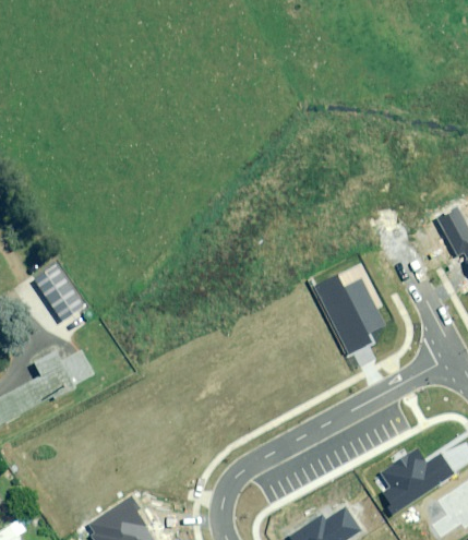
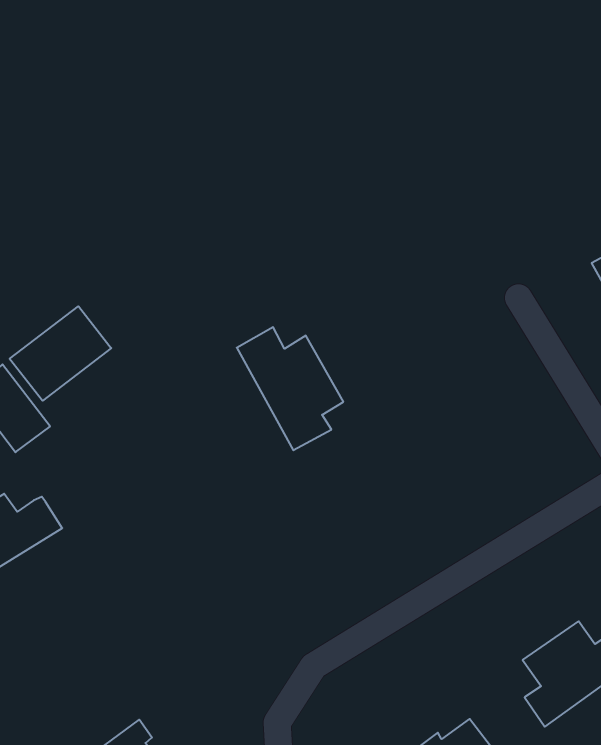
building: none -> [10,306,111,401]
building: [316,275,383,355] -> [237,327,343,450]

